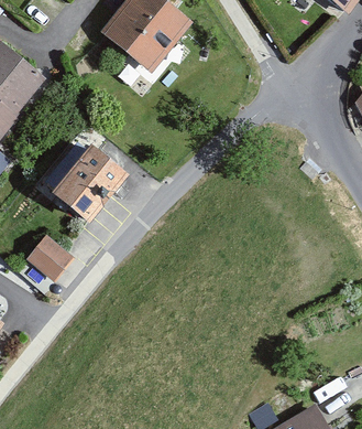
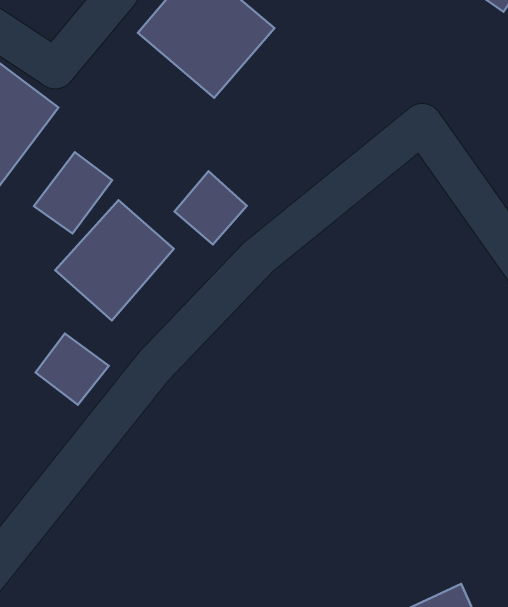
building: none -> [34,152,112,233]
building: none -> [175,171,247,245]

